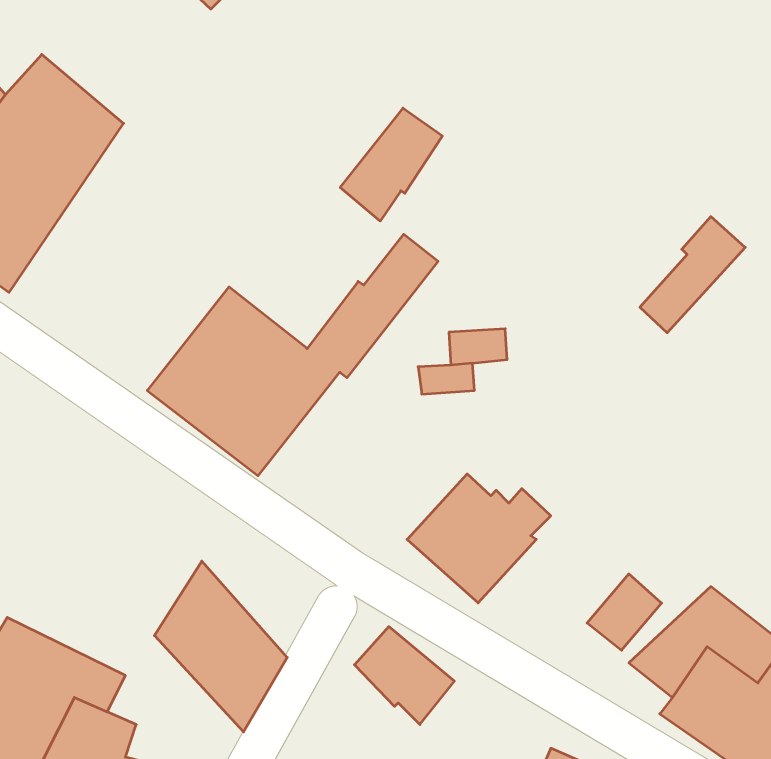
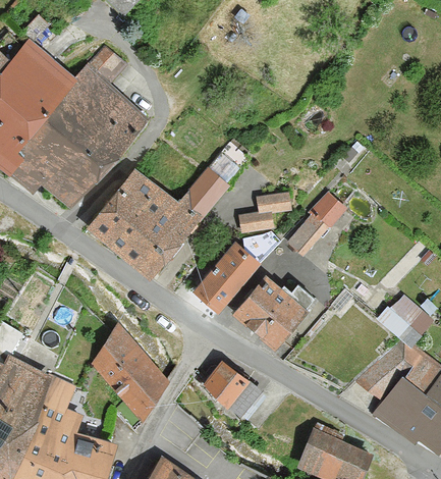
building: none -> [11,48,150,207]
building: [340,108,442,221] -> none
building: [640,217,745,333] -> [288,191,347,256]
building: none -> [196,232,280,311]
building: [587,574,662,650] -> [380,294,422,336]

